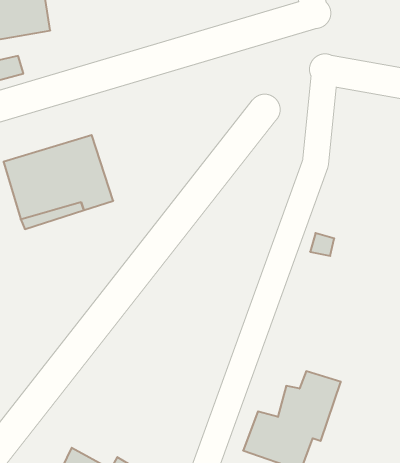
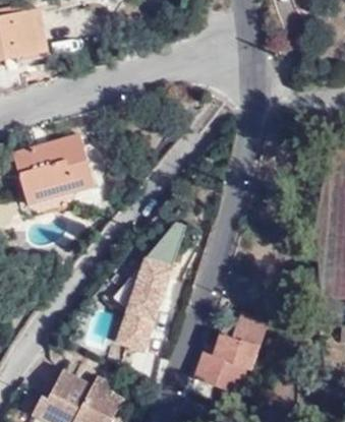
building: none -> [116,214,182,353]

